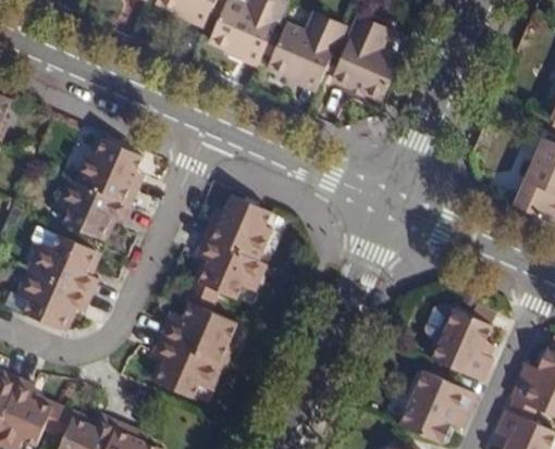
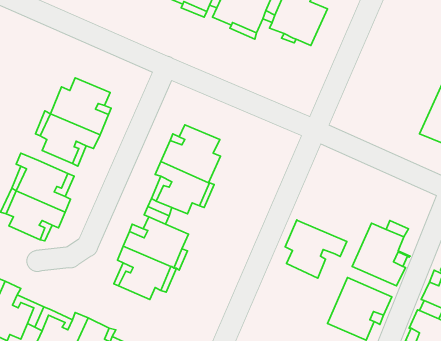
building: none -> [285,220,347,278]

